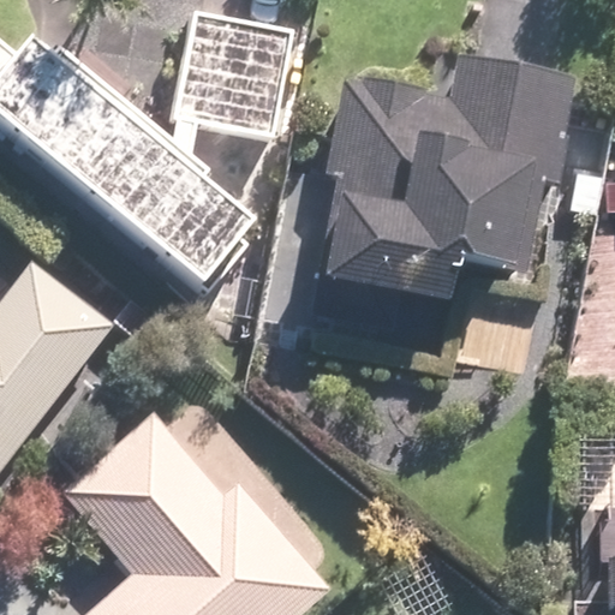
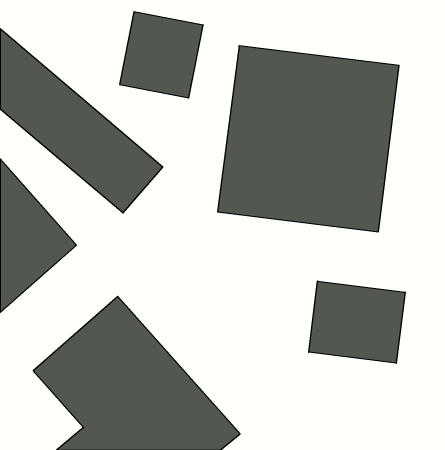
building: none -> [309,281,405,363]

